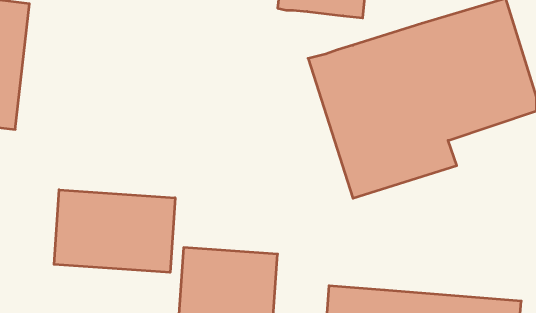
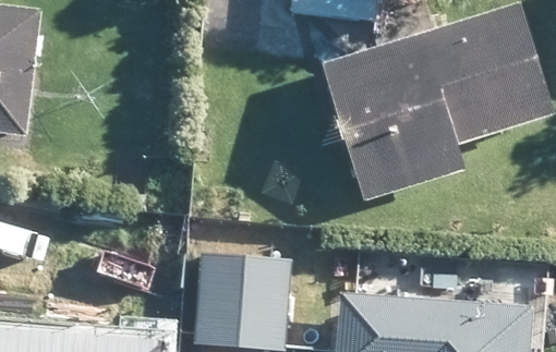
building: [54,190,175,272] -> none

